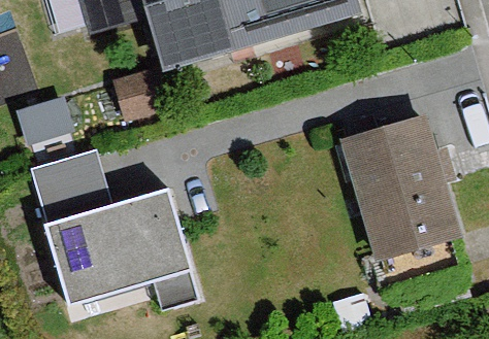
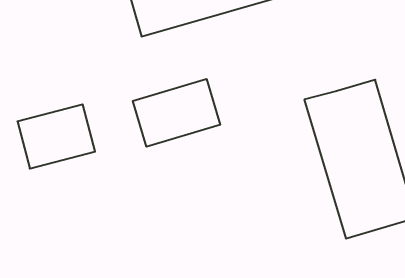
building: none -> [133,79,220,147]
building: [44,189,187,300] -> none

